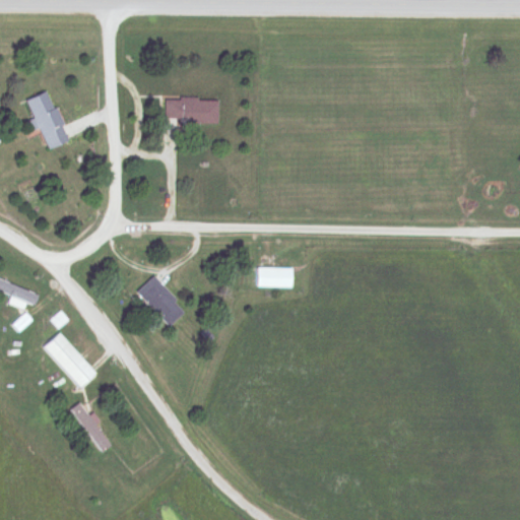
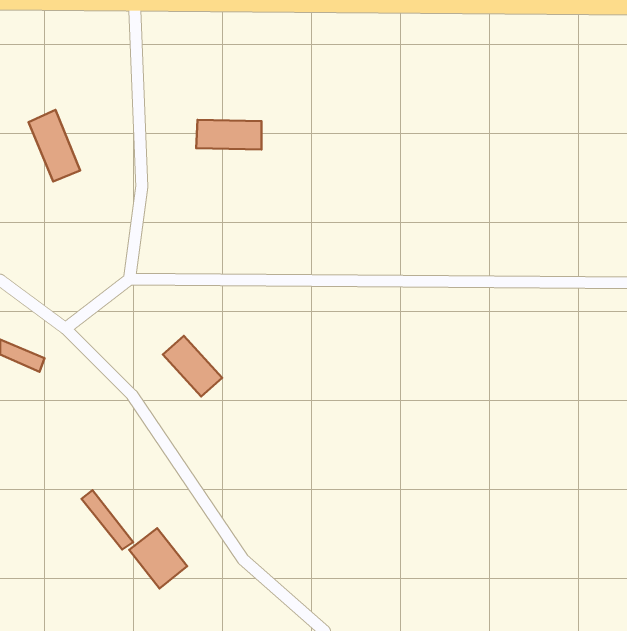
building: [256,267,291,287] -> none
building: [44,333,96,389] -> none
building: none -> [129,528,187,589]

